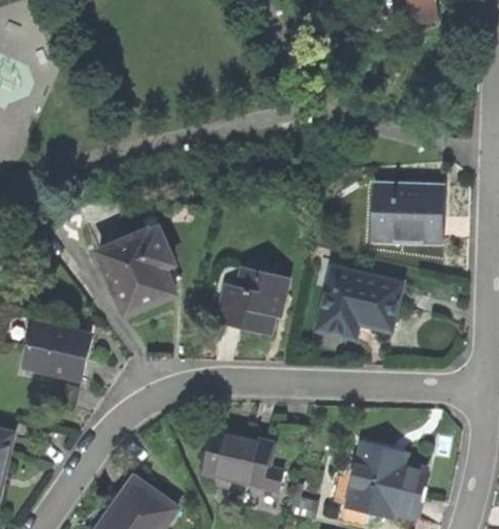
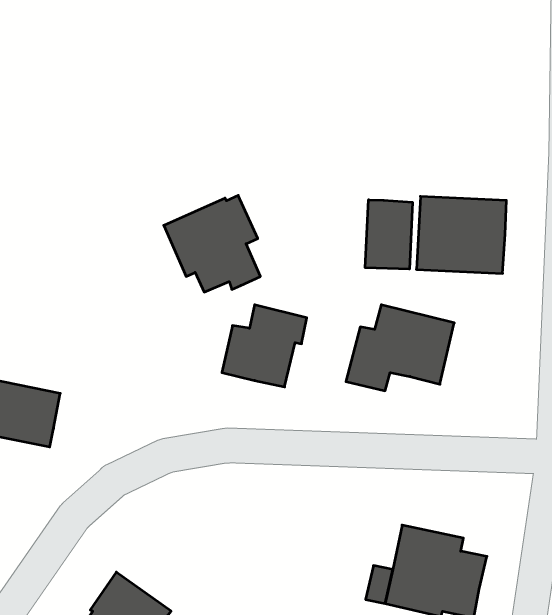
building: none -> [365,200,412,269]
building: [97,228,174,305] -> [164,195,260,292]
building: [207,434,286,493] -> none

